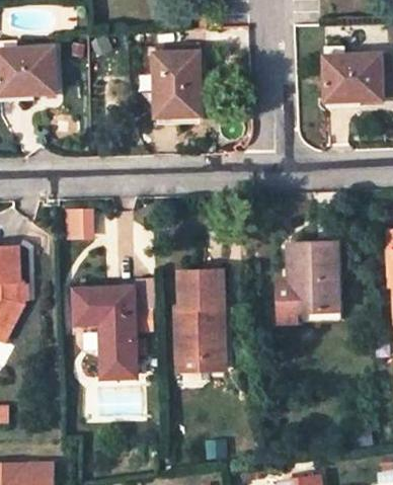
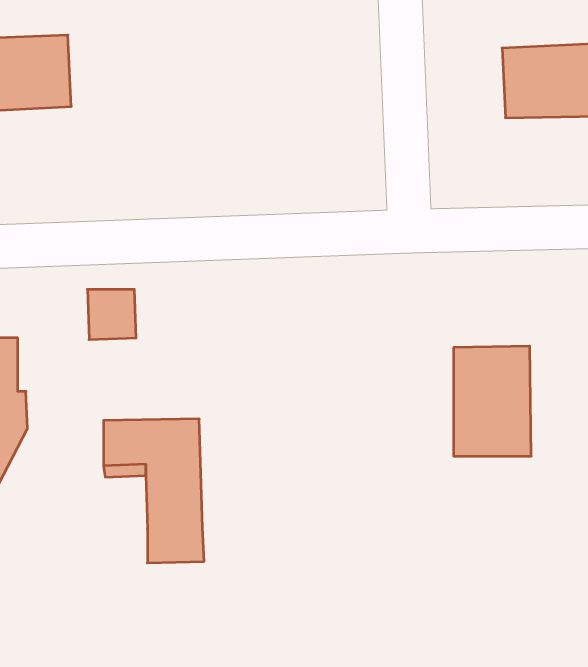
building: [152,52,198,115] -> none
building: [174,270,221,373] -> none
building: [272,280,342,318] -> none

